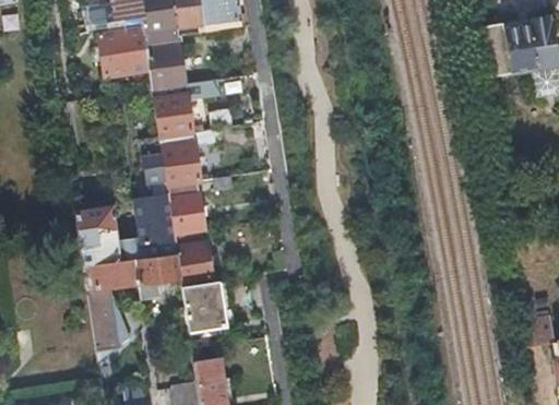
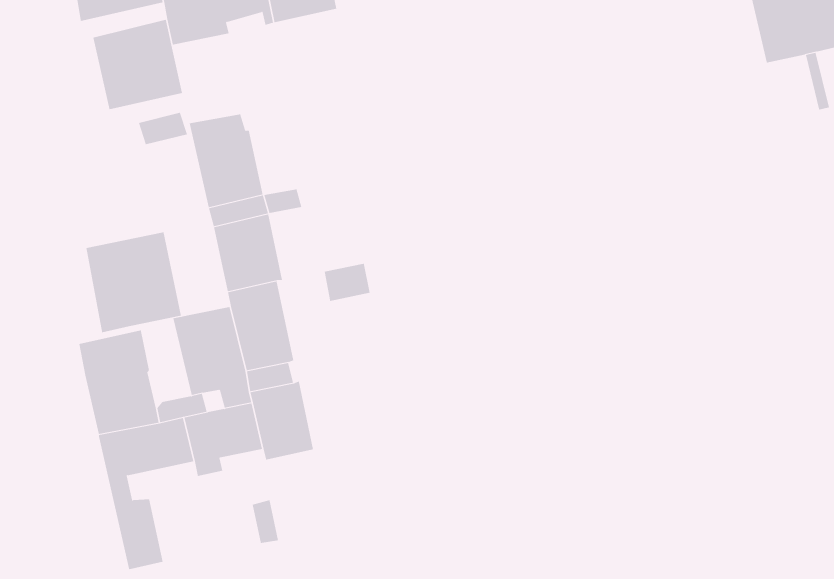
building: [145,37,186,87] -> none
building: none -> [86,232,182,333]
building: [182,284,226,348] -> none

